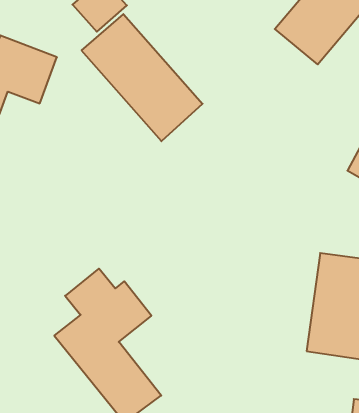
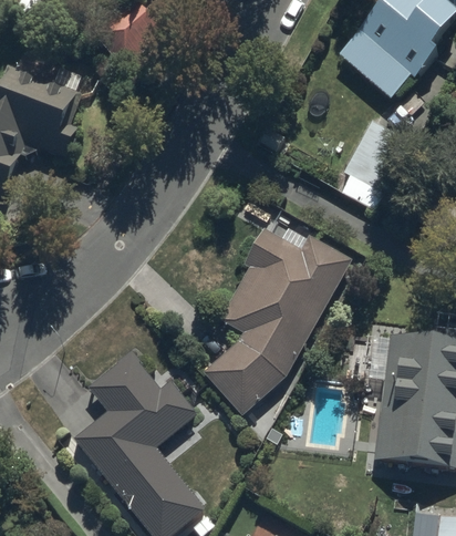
building: [82,14,203,141] -> none
building: none -> [201,224,349,413]

